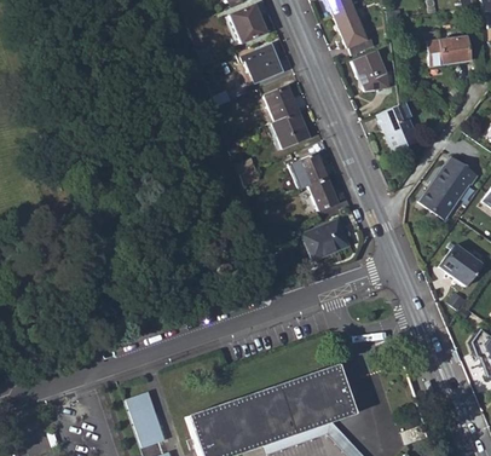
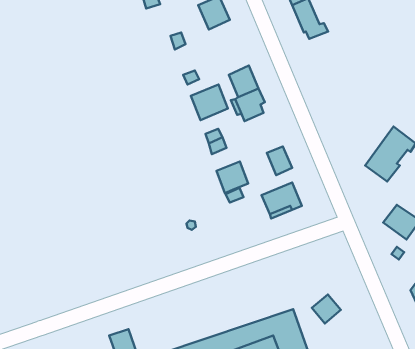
building: [426,30,469,65] -> none
building: [239,44,282,85] -> [191,84,228,120]
building: [356,51,391,91] -> none
building: [380,102,420,151] -> none
building: [290,152,327,189] -> [217,161,248,193]
building: none -> [312,294,341,323]

